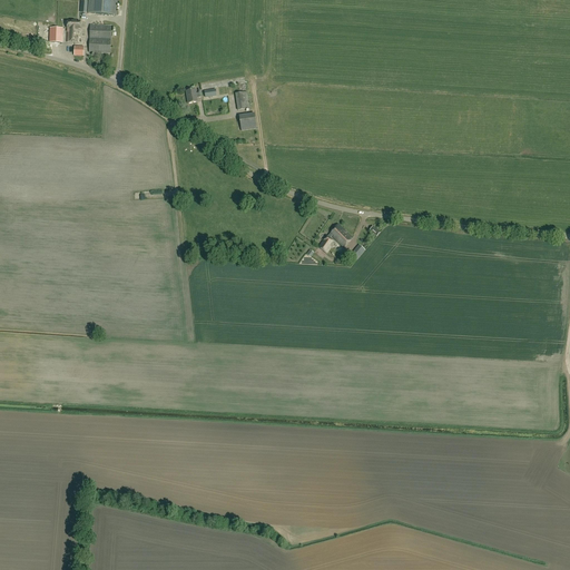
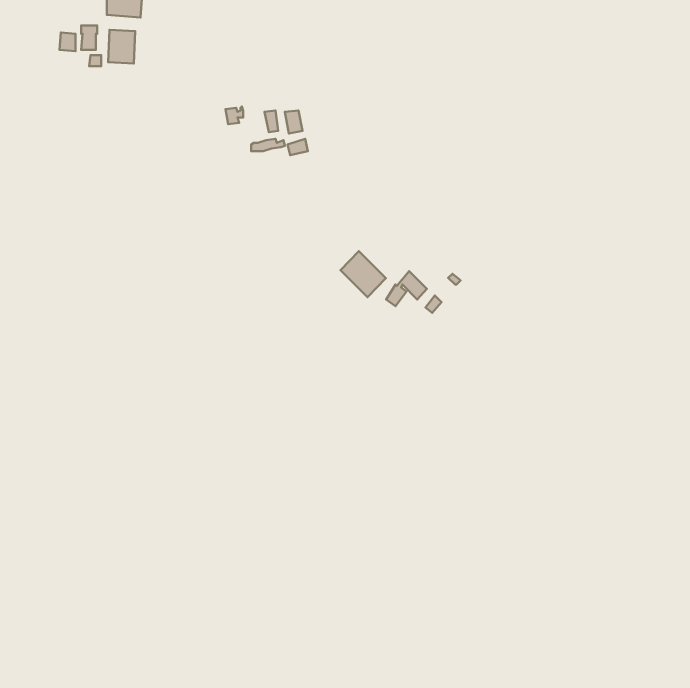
building: none -> [340,251,386,297]

